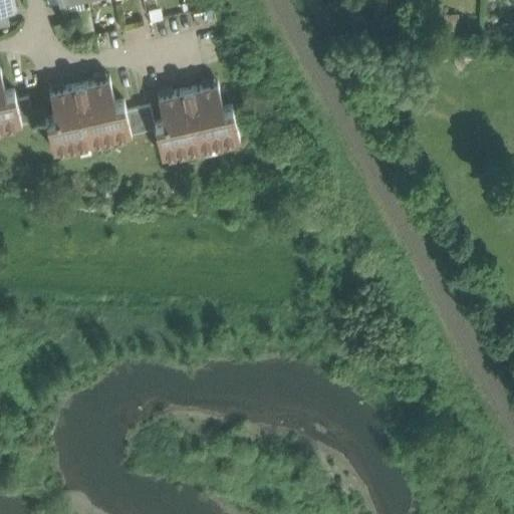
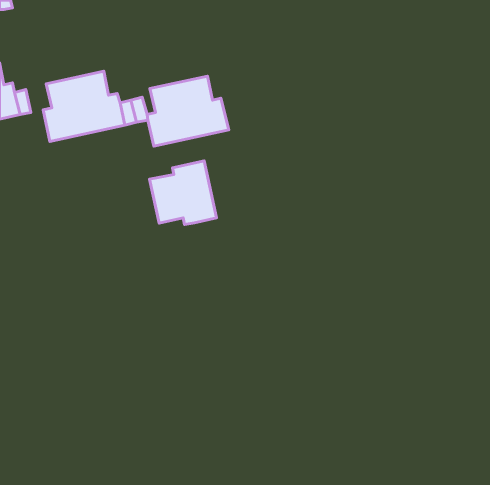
building: none -> [149,161,217,224]

